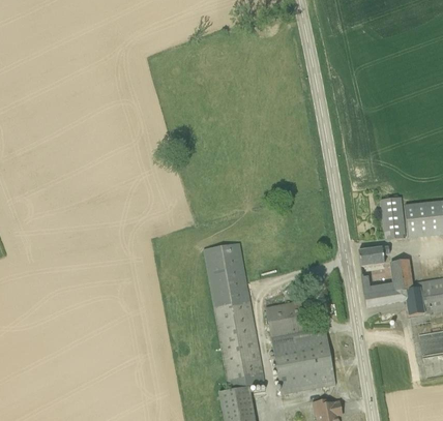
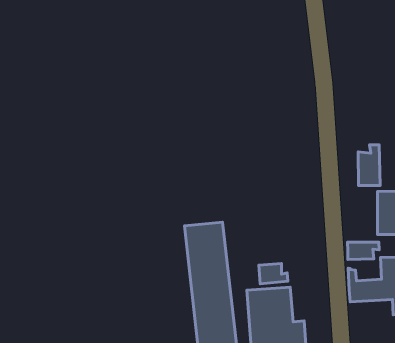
building: none -> [358,145,380,186]
building: none -> [259,263,288,284]

